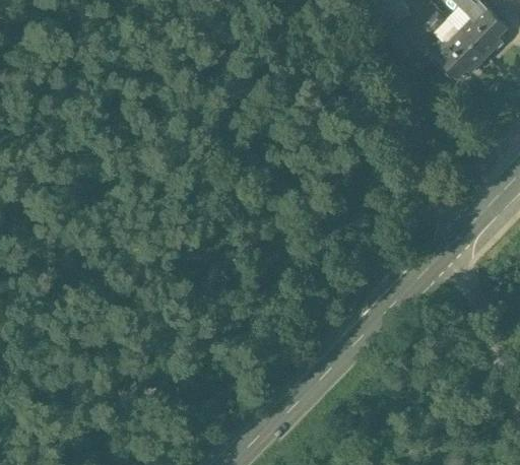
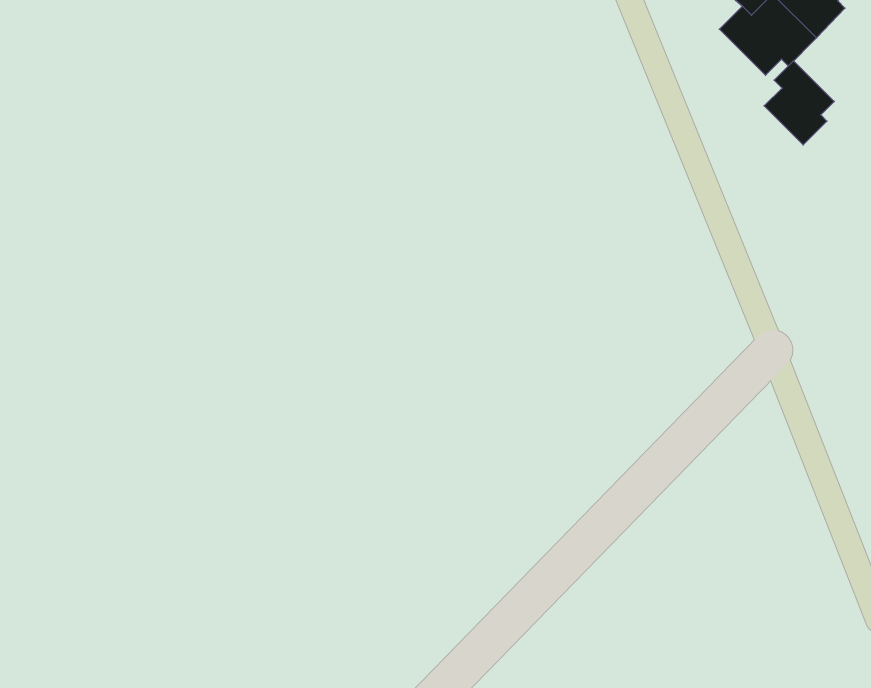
building: none -> [764,61,834,145]

